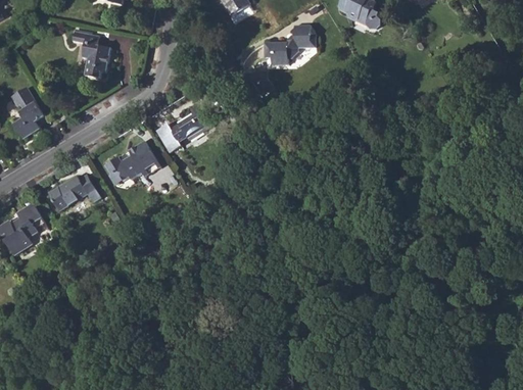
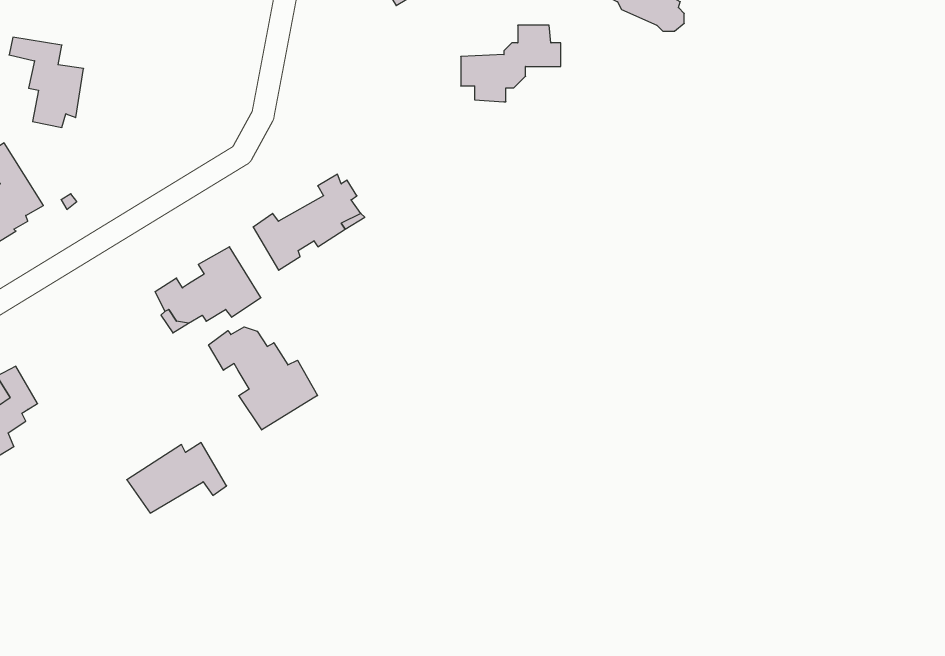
building: [72,31,110,78] -> [9,37,84,127]
building: [48,175,100,211] -> [127,443,227,513]
building: none -> [209,327,318,430]

